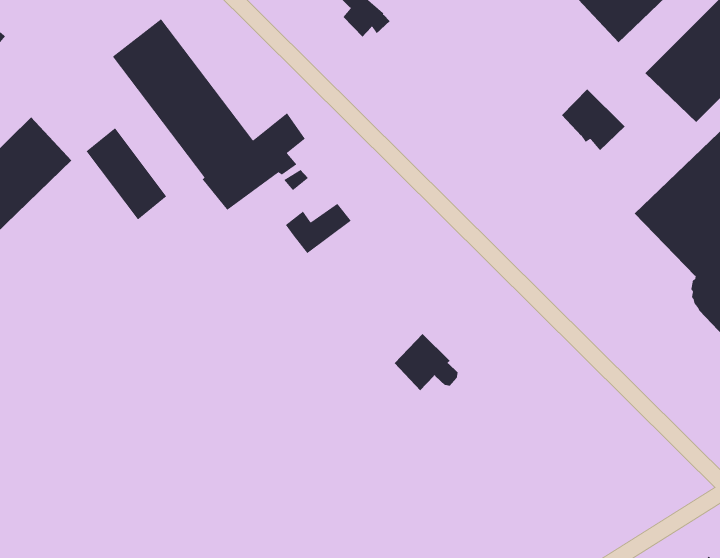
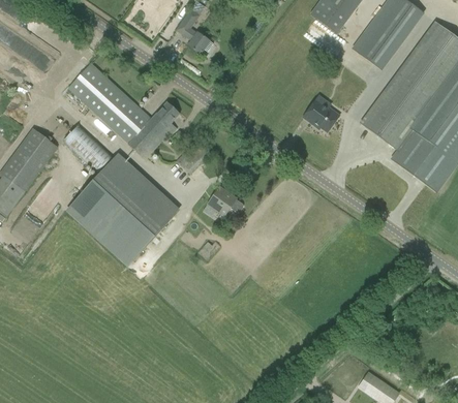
building: [561,89,625,151] -> [303,99,338,131]
building: none -> [70,158,174,259]
building: [394,333,459,391] -> [207,185,242,216]

